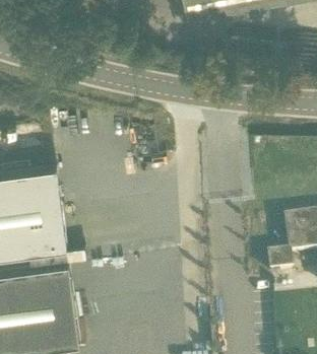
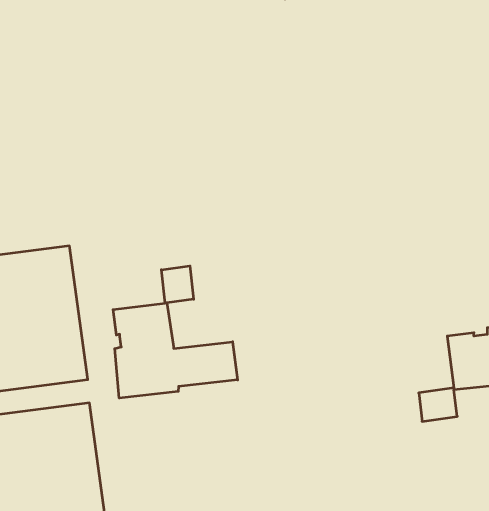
building: none -> [113,266,238,398]

